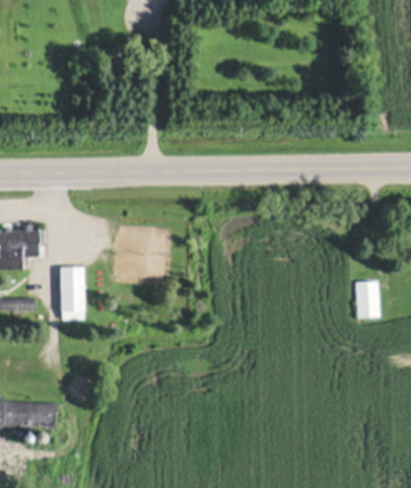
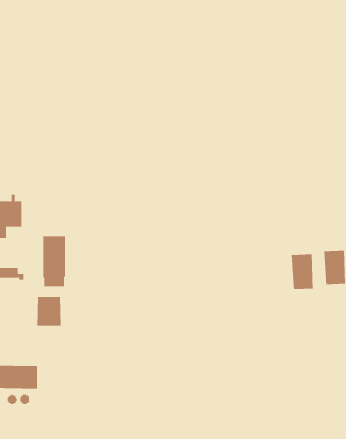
building: none -> [291,253,313,290]
building: none -> [37,296,61,327]

